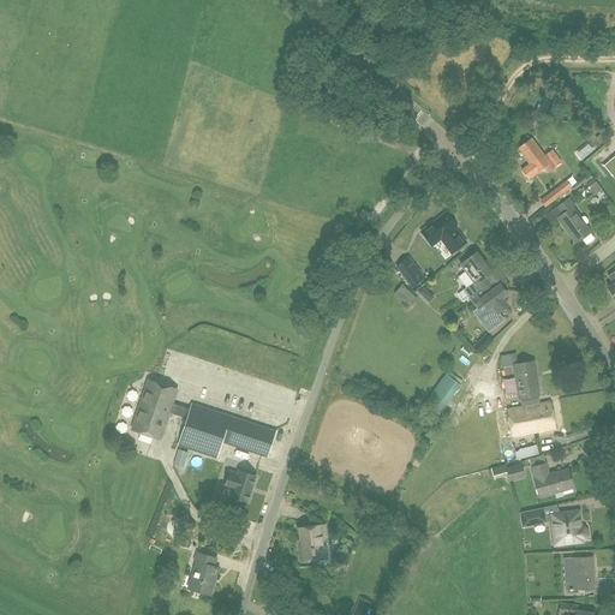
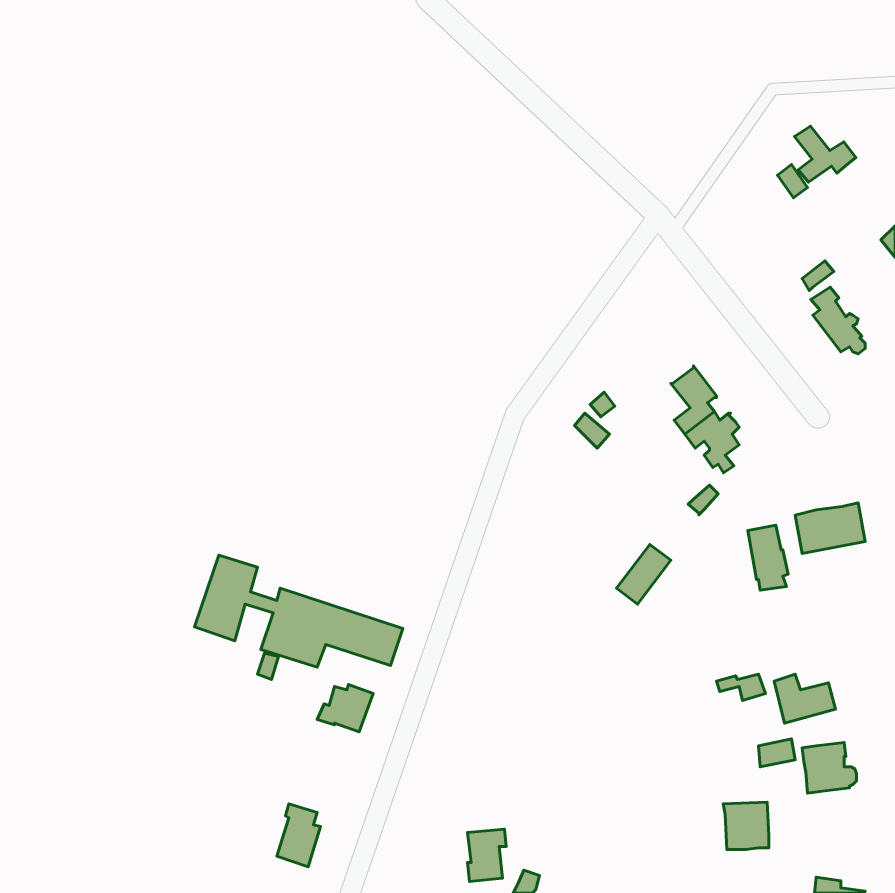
building: [519,139,561,178] -> [795,126,856,182]
building: [423,213,465,250] -> none
building: [507,400,555,435] -> [795,503,865,554]
building: [299,524,326,560] -> [468,829,506,882]
building: [562,556,593,589] -> [723,802,769,849]

